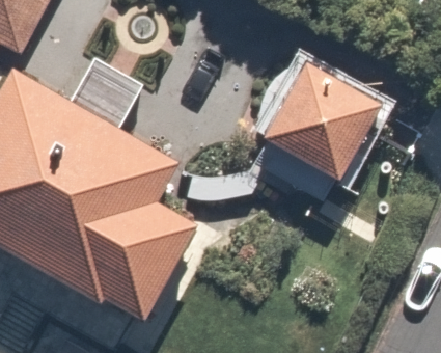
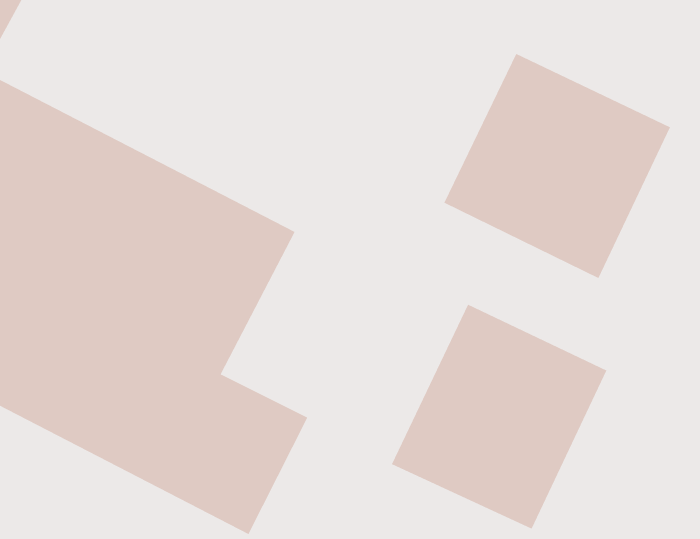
building: none -> [391,304,607,529]

